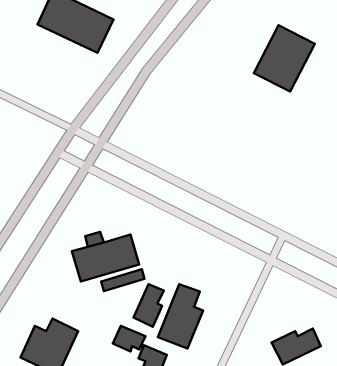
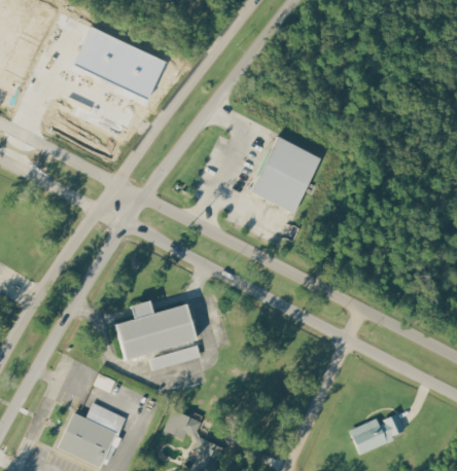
building: [254,25,315,92] -> [251,137,322,214]
building: [158,284,203,349] -> none
building: [134,284,164,327] -> none

